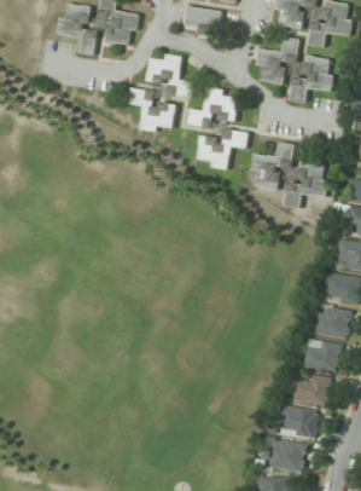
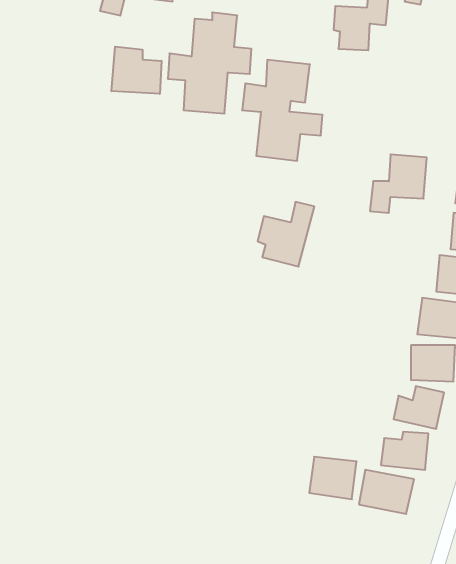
building: [291,56,334,103] -> none
building: none -> [112,47,161,94]
building: [250,141,293,191] -> [258,202,314,267]
building: [270,438,307,470] -> [309,457,357,499]

